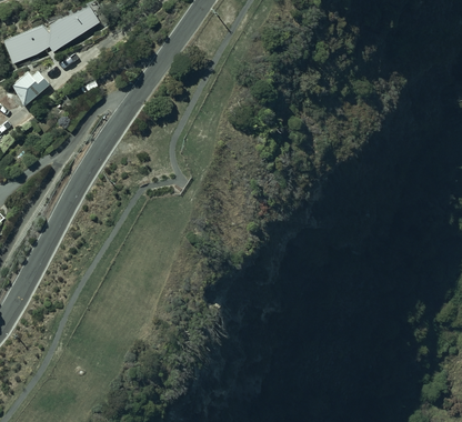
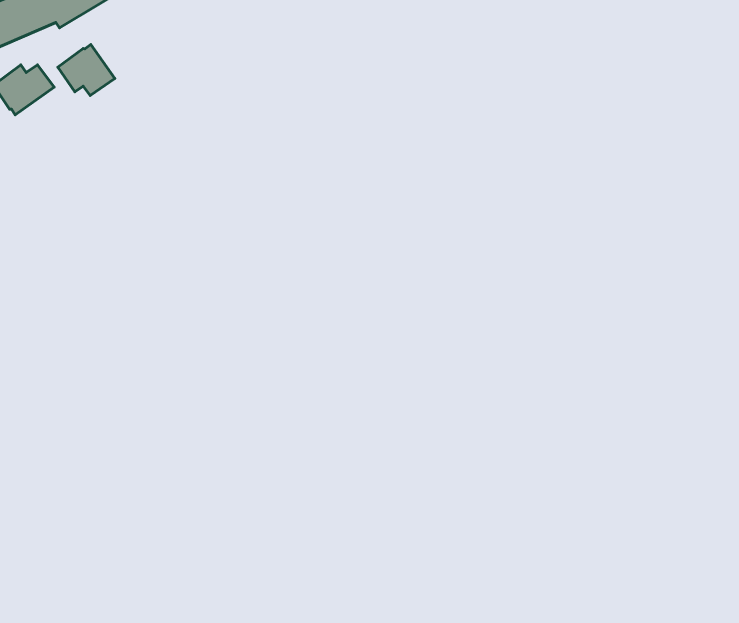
building: none -> [58,45,115,95]

